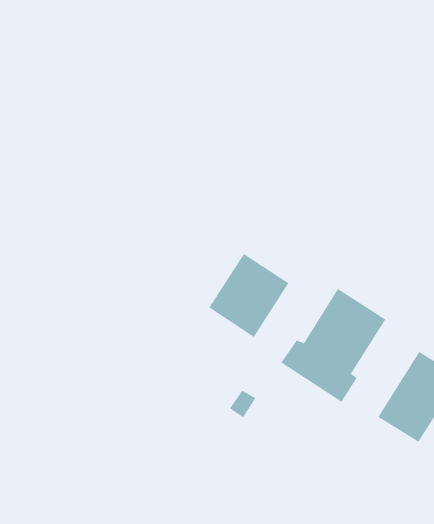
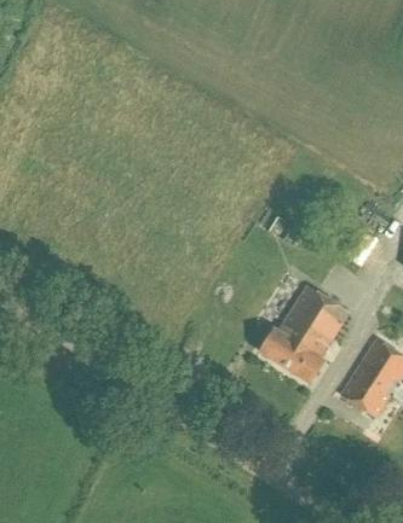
building: [208,253,289,338] -> none

